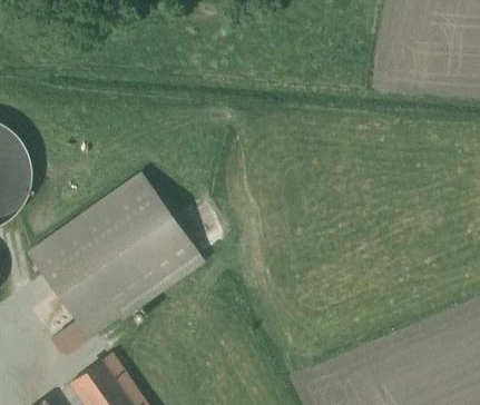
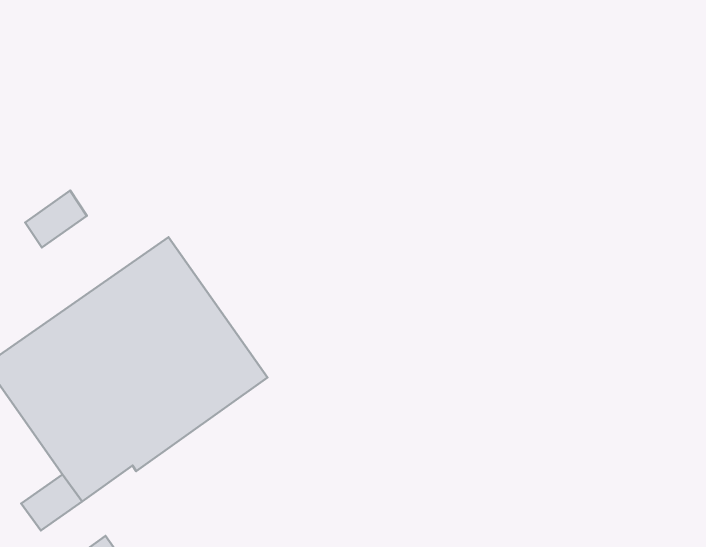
building: none -> [25,191,87,248]

